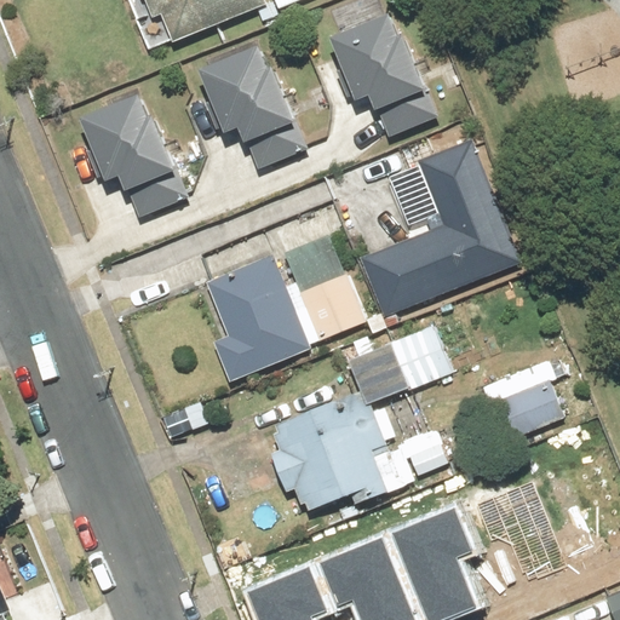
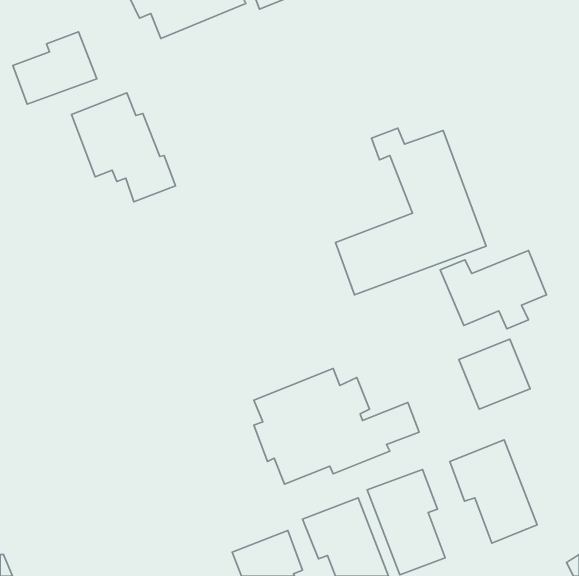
building: [328,19,438,136] -> none
building: none -> [13,32,97,104]
building: [200,52,308,168] -> none
building: [206,237,368,380] -> none
building: [340,325,454,408] -> [440,251,547,329]

